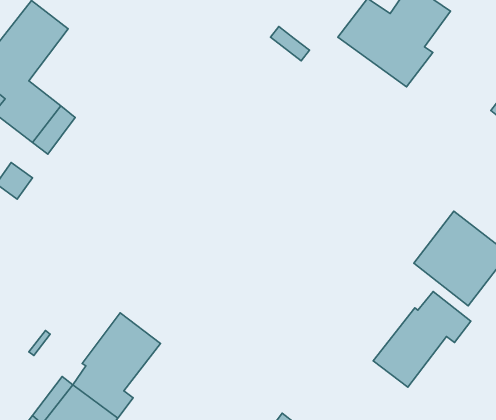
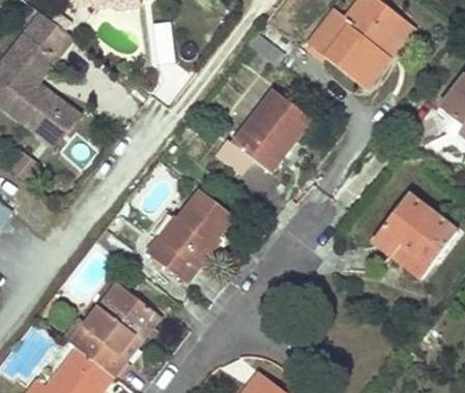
building: none -> [233,89,311,172]
building: none -> [148,190,233,282]
building: [373,292,471,387] -> none

